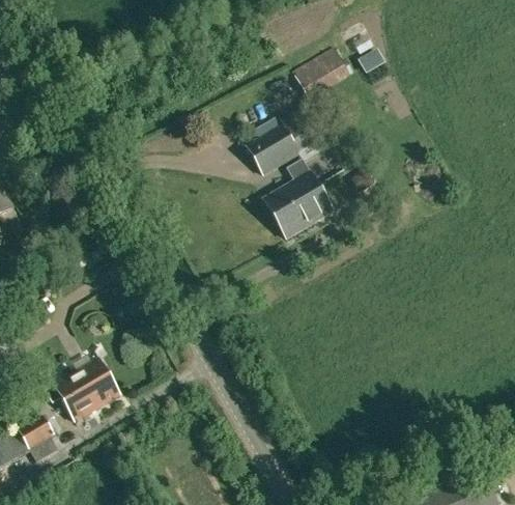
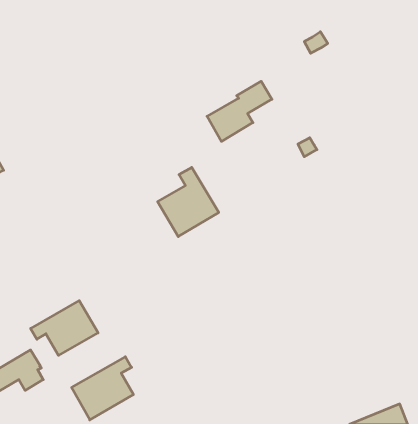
building: [292,47,349,96] -> none
building: [262,159,333,239] -> [158,167,219,237]
building: none -> [72,357,133,420]

